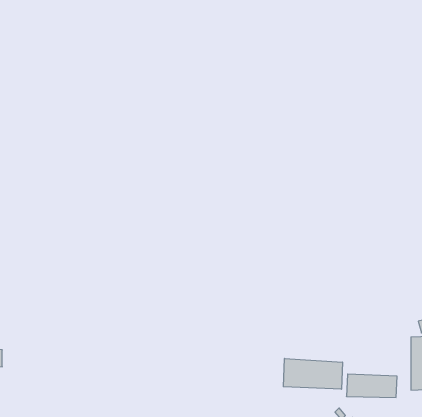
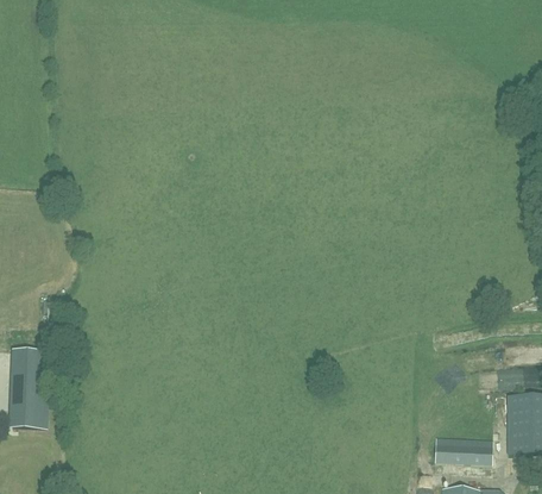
building: [283,358,342,389] -> none

